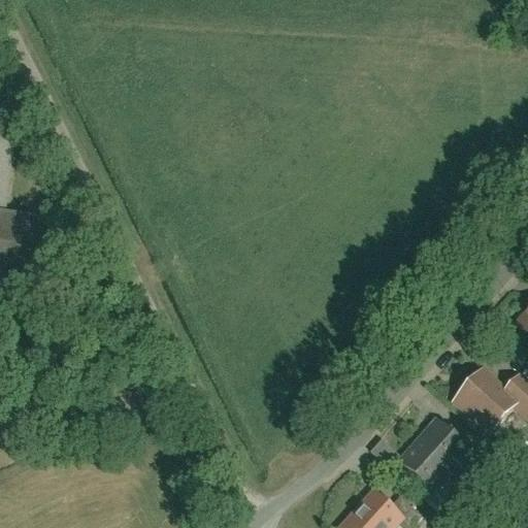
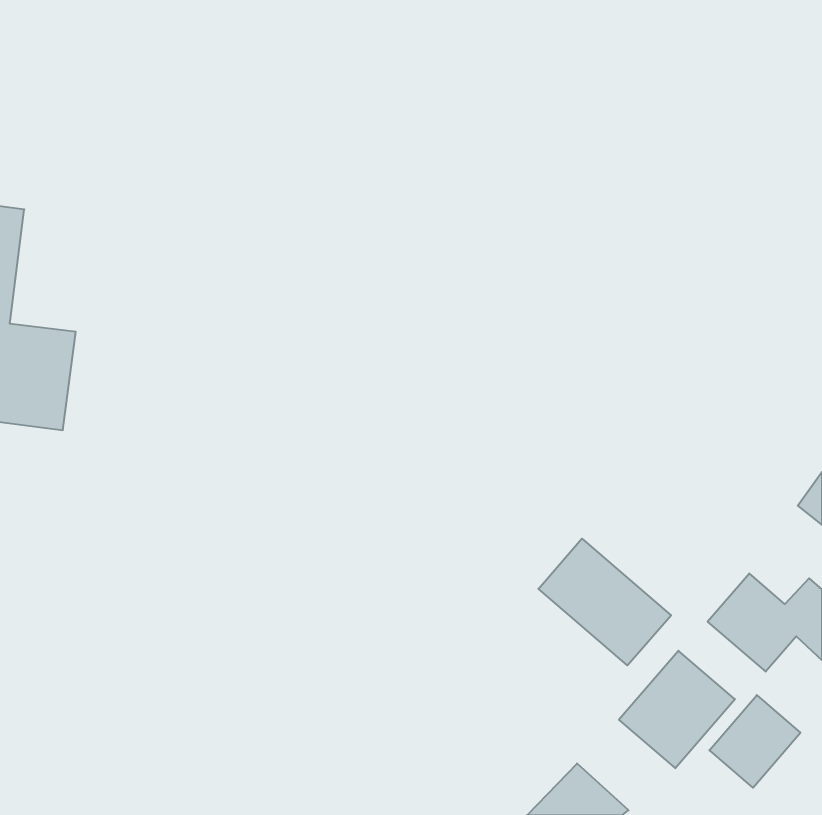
building: none -> [538,539,671,665]
building: none -> [709,695,800,788]

